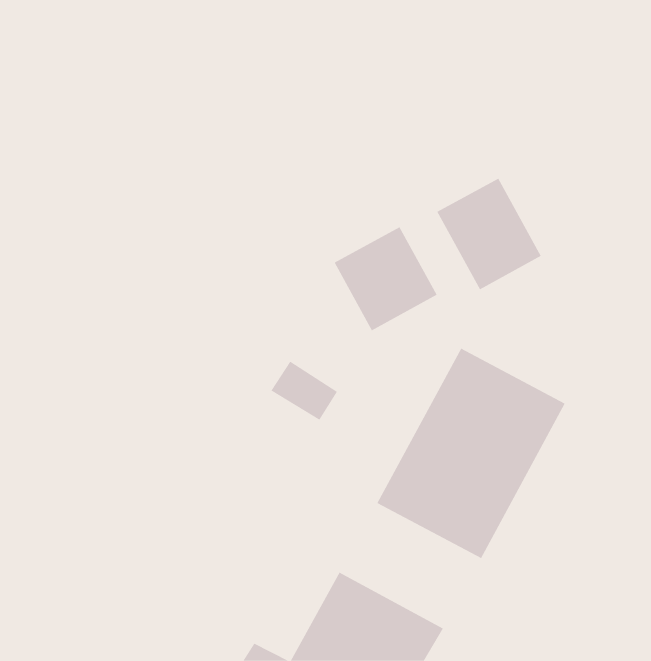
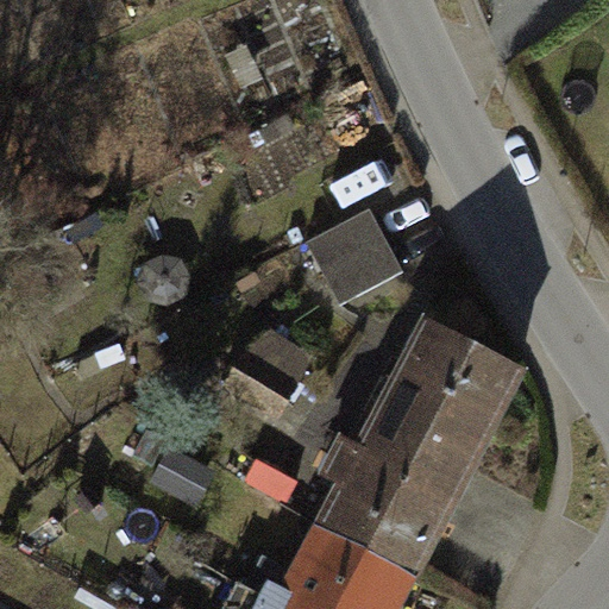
building: [437,178,542,290] -> none
building: none -> [312,463,442,578]

